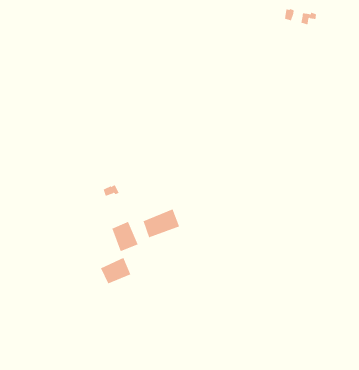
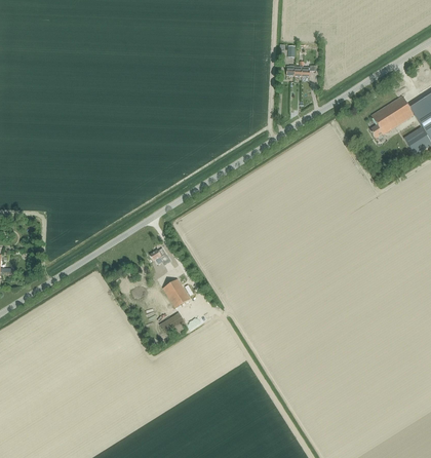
building: [143,209,180,238] -> none

